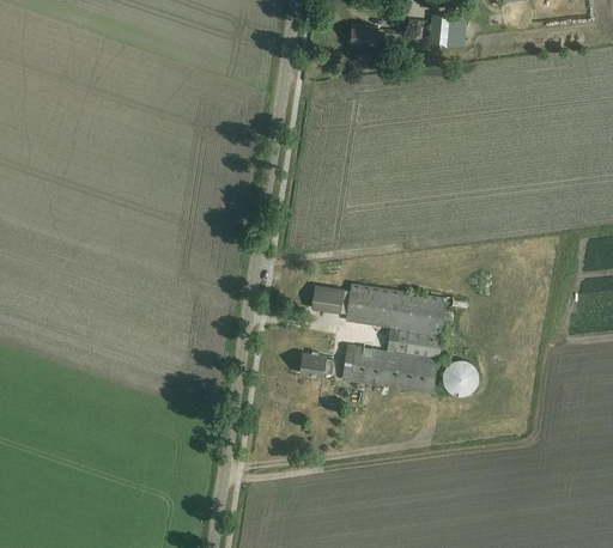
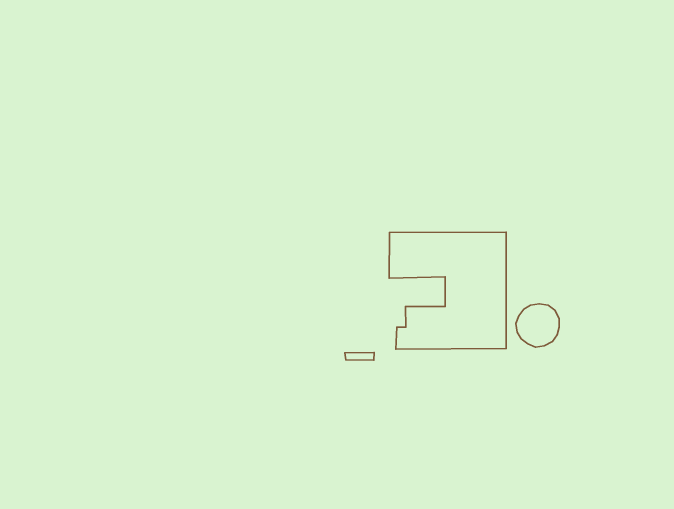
building: [311,285,342,312] -> none
building: [299,353,336,377] -> none

